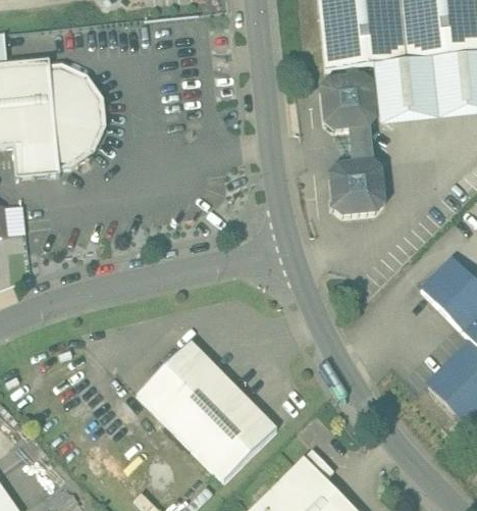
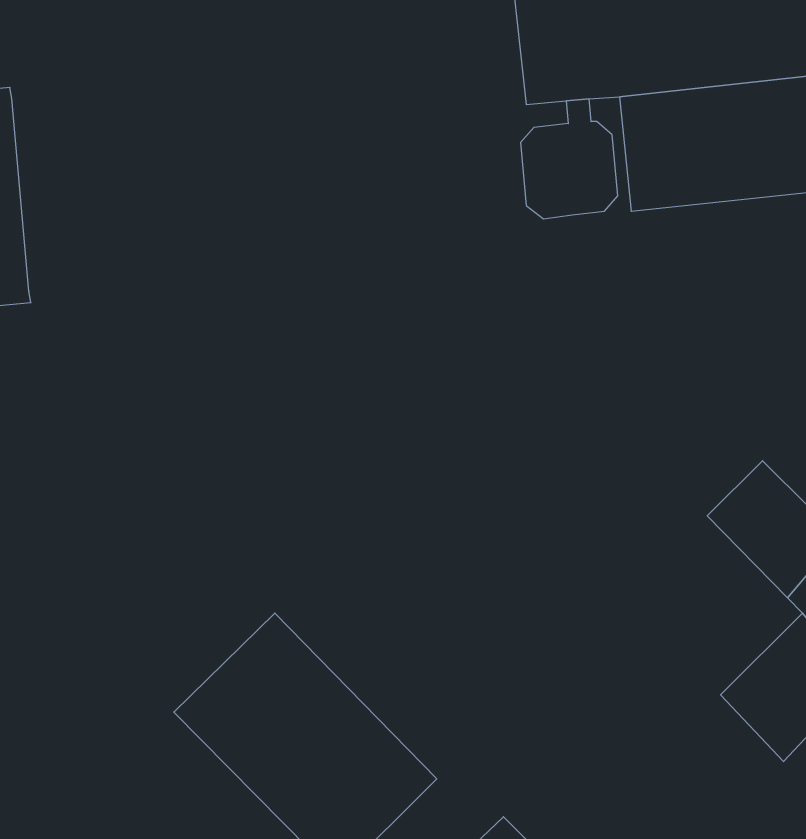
building: [50,64,106,168] -> none
building: [331,125,383,215] -> none

